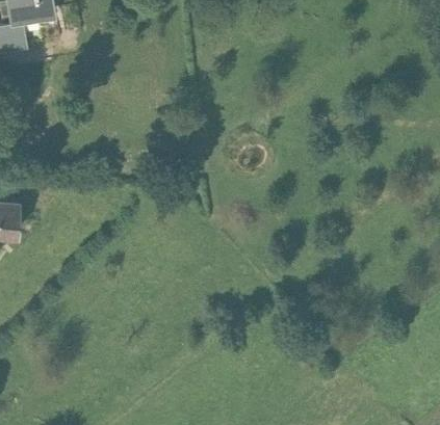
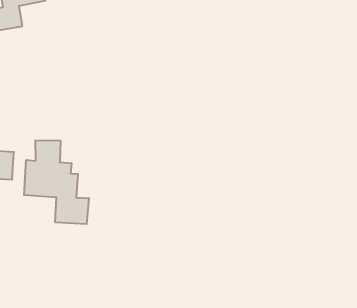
building: none -> [24,140,89,224]

